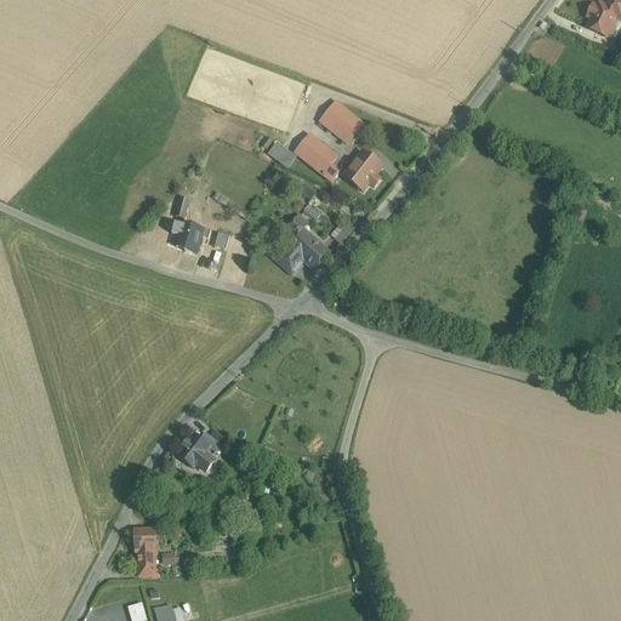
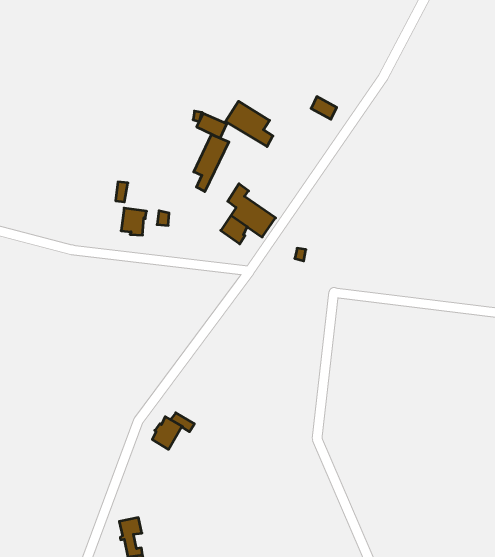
building: [319,99,364,143] -> none
building: [341,150,382,190] -> none
building: none -> [194,135,229,192]

